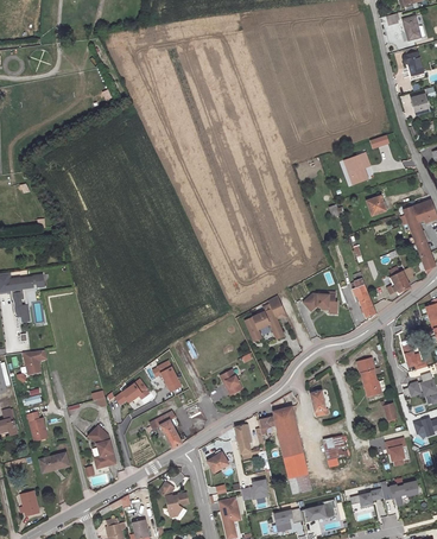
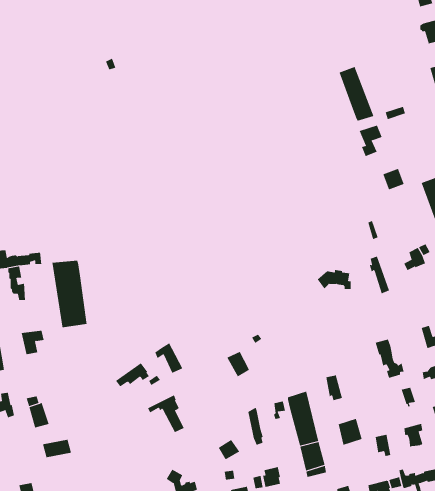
building: none -> [339,66,374,121]
building: none -> [52,260,87,328]
building: [246,296,285,341] -> none
building: [90,425,118,465] -> none

